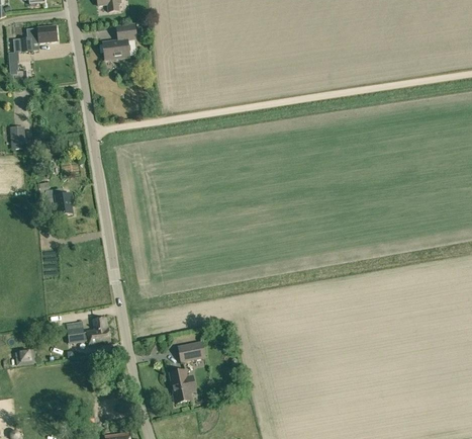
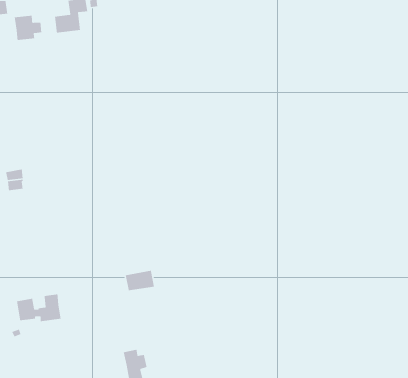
building: none -> [14,15,42,41]
building: [176,341,205,362] -> [125,270,155,291]

